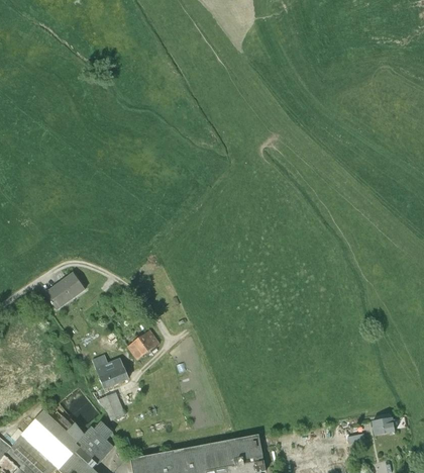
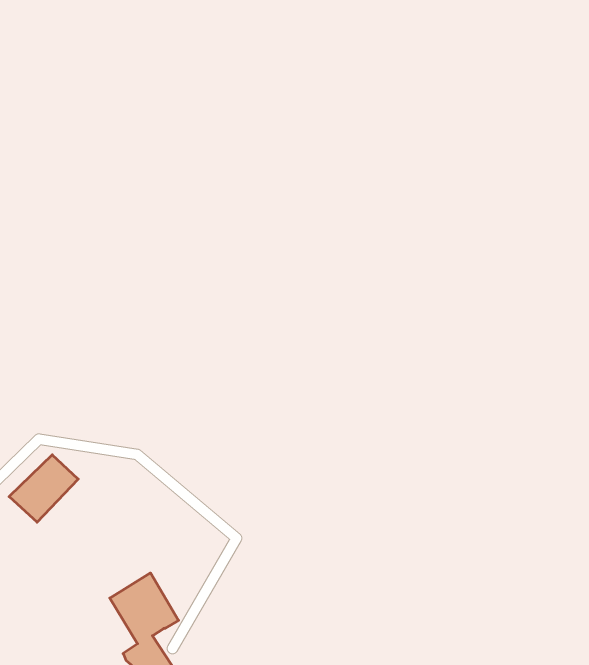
building: [128,332,158,360] -> none

